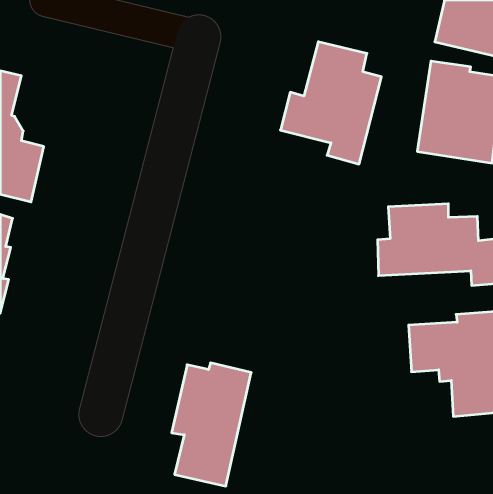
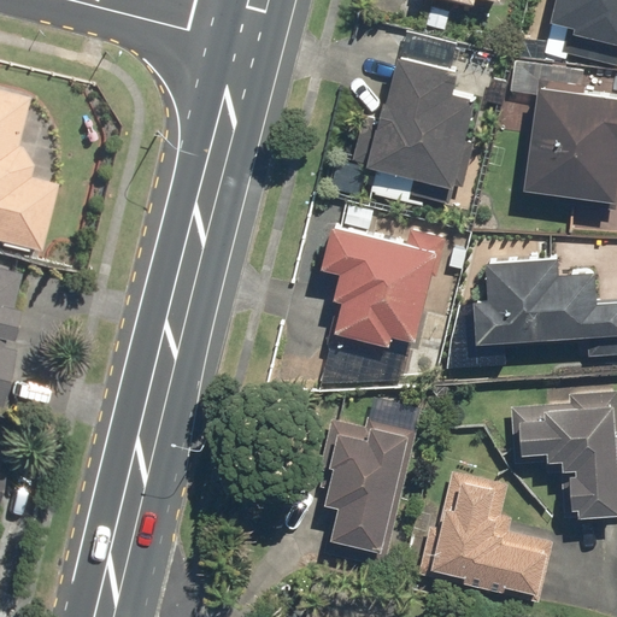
building: none -> [321,224,442,360]
building: [172,363,251,486] -> [321,417,419,570]
building: none -> [418,470,556,605]

